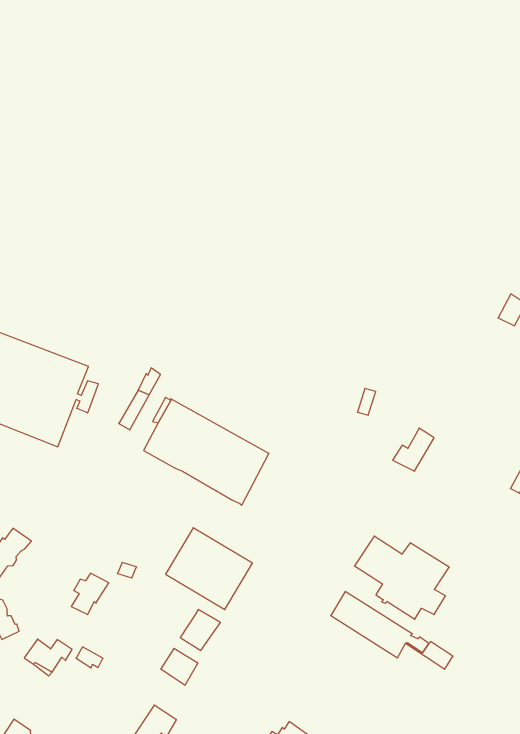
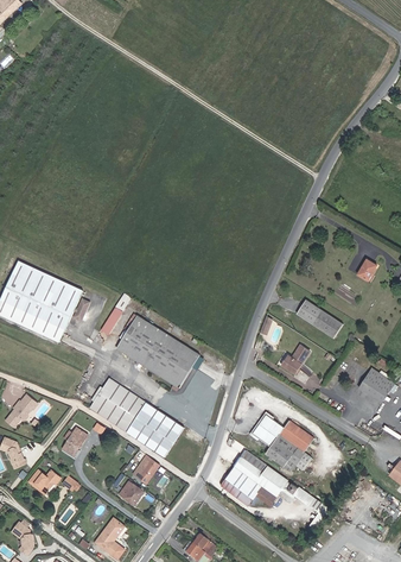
building: none -> [297,299,343,339]
building: none -> [89,378,146,431]
building: none -> [221,466,276,506]

